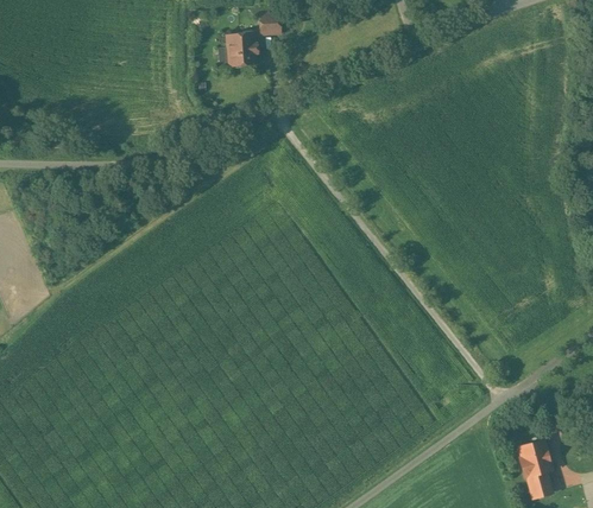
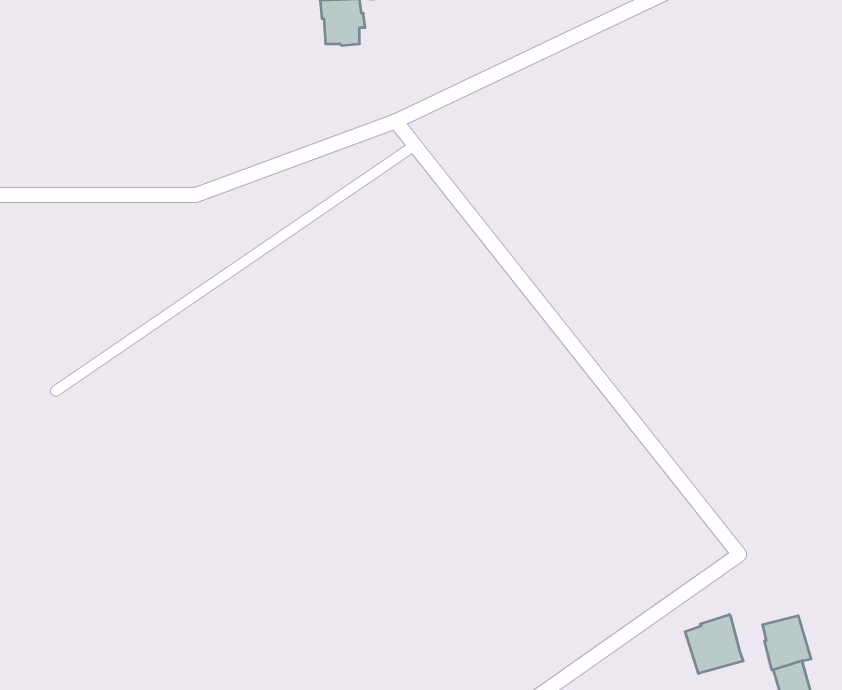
building: none -> [685,614,743,674]

